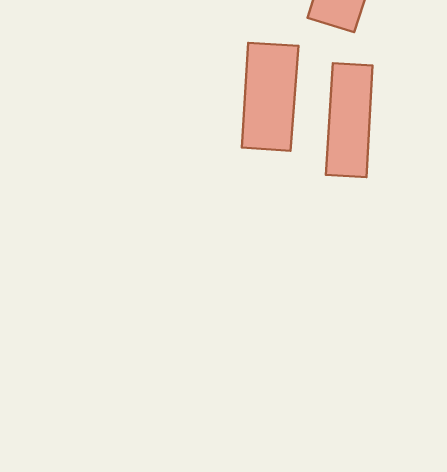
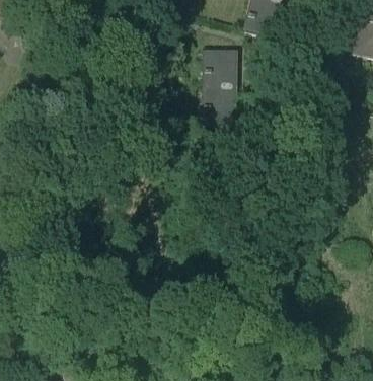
building: [326,63,372,177] -> none

